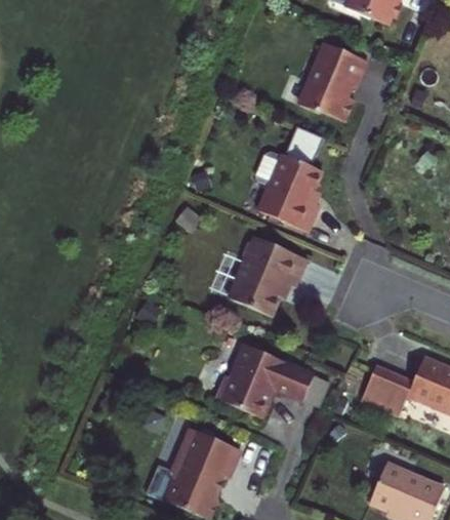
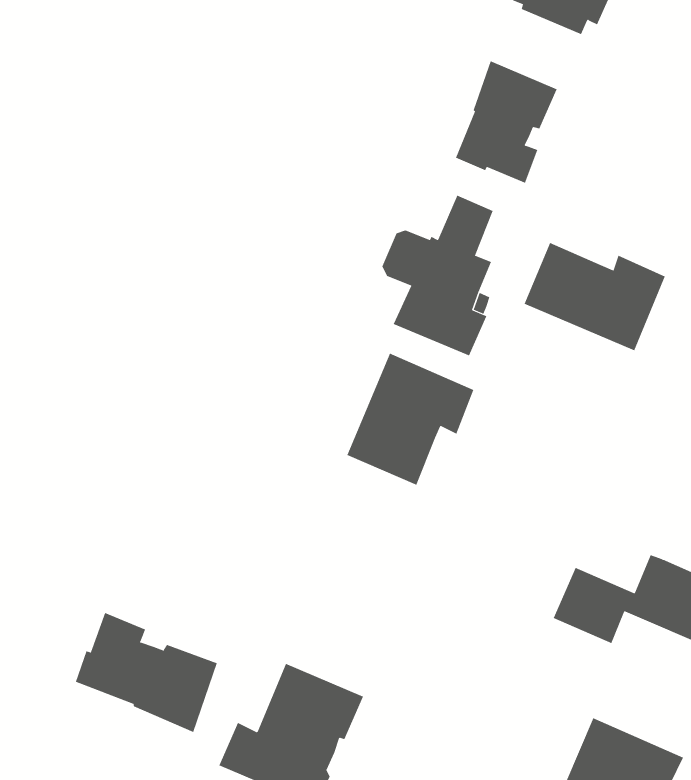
building: none -> [524,242,666,351]
building: [215,346,329,417] -> none
building: none -> [75,612,218,733]

